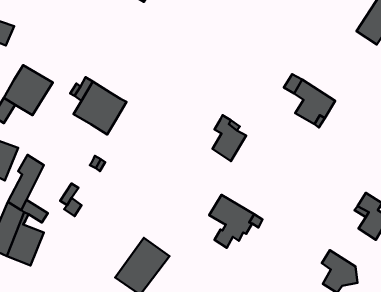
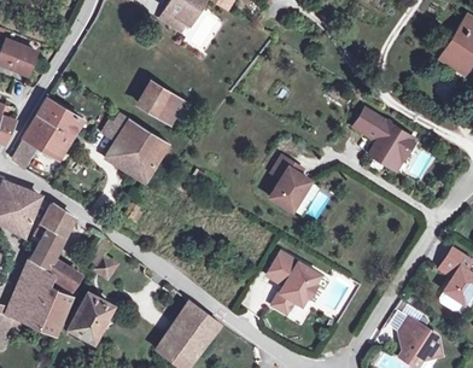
building: none -> [139,82,185,122]
building: none -> [70,293,112,341]

